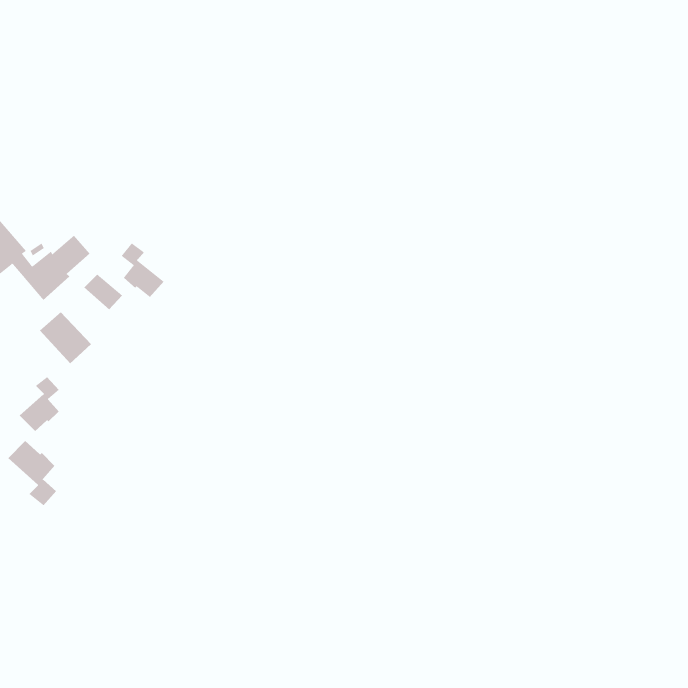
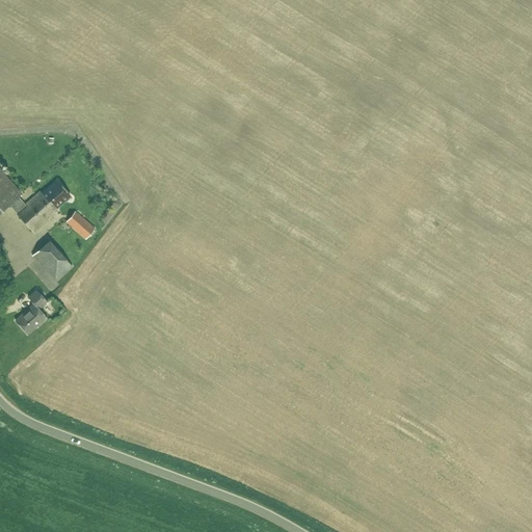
building: [121,243,164,298] -> none
building: [7,440,57,506] -> none

